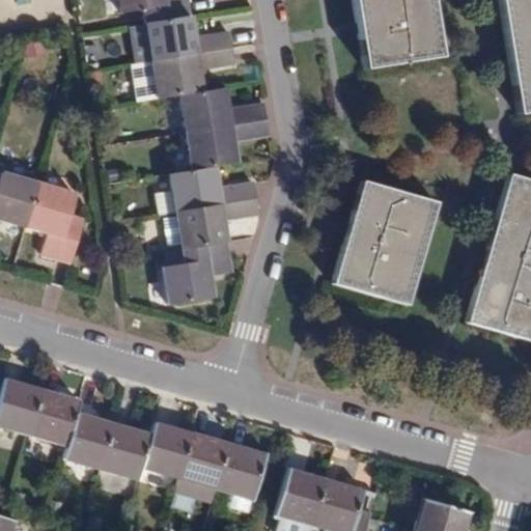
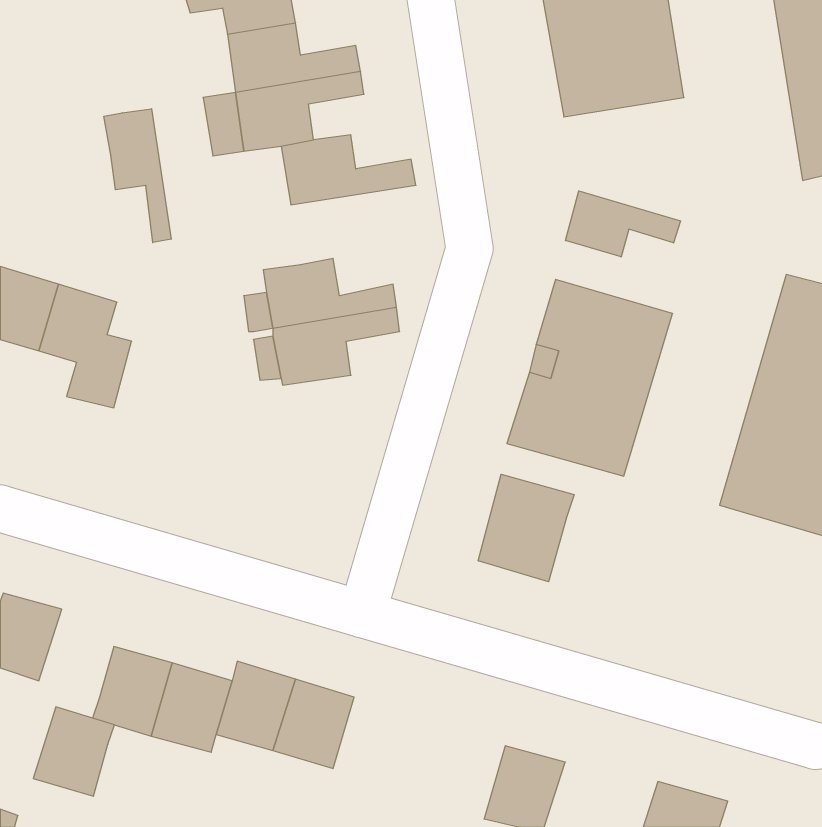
building: none -> [104,109,171,243]
building: [191,118,273,169] -> none
building: none -> [566,191,680,257]
building: [167,240,234,302] -> none
building: none -> [478,474,574,582]
building: [30,389,82,446] -> [33,707,114,796]
building: [218,445,269,501] -> none
building: [277,466,328,523] -> none

